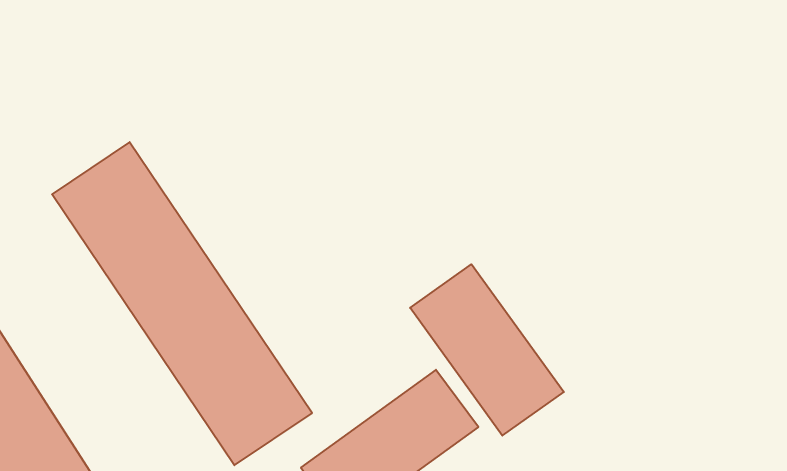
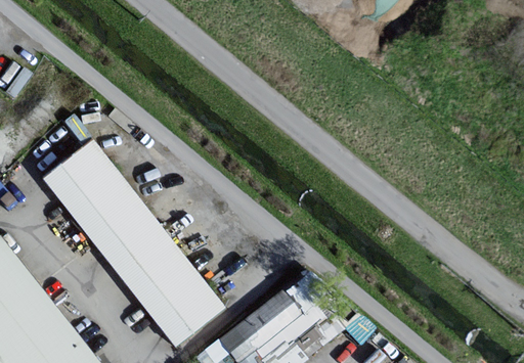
building: [410,264,564,436] -> none

